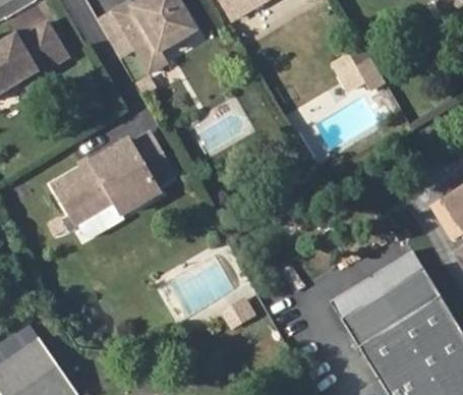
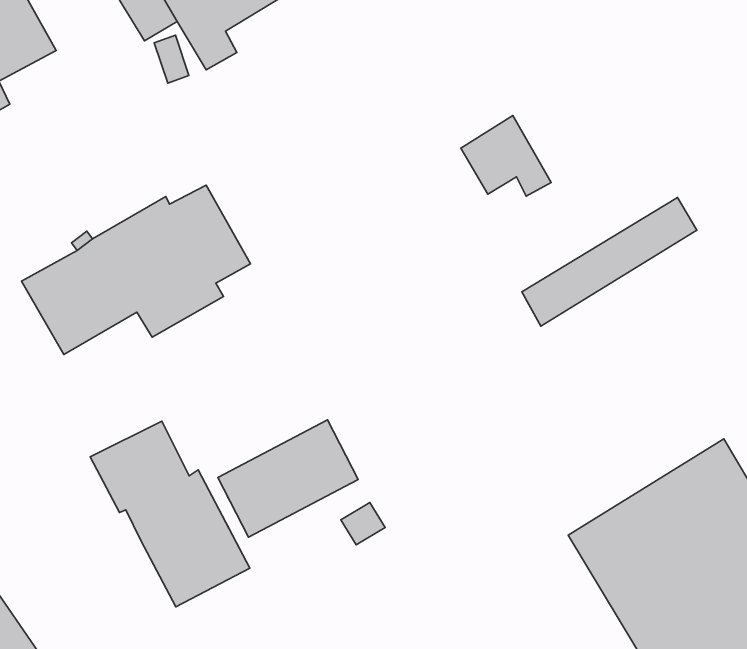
building: [338,46,386,89] -> [461,115,551,196]
building: [333,249,425,318] -> [522,197,697,326]
building: none -> [90,421,250,607]

